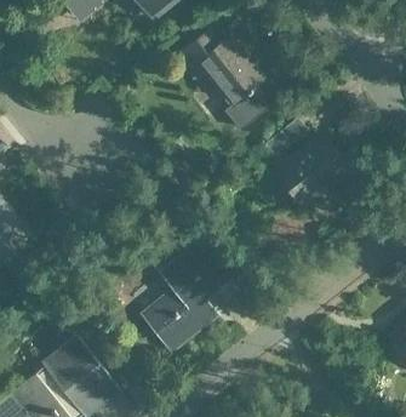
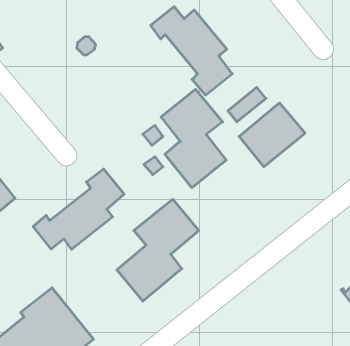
building: none -> [161,89,226,188]
building: none -> [33,169,124,249]

